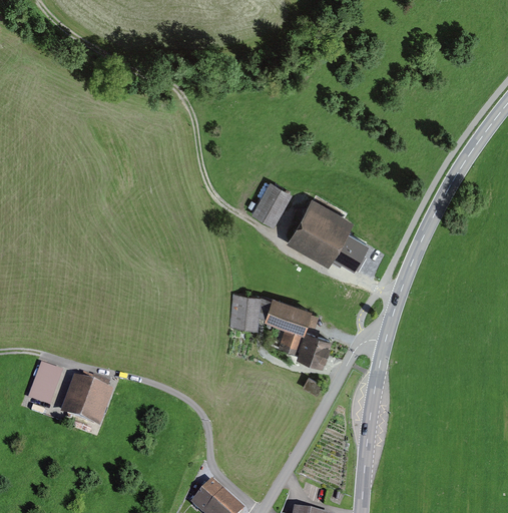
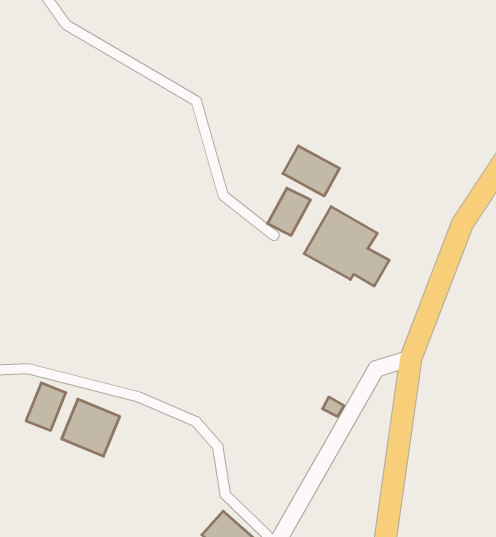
building: none -> [283,146,340,196]
building: [229,293,332,367] -> none

